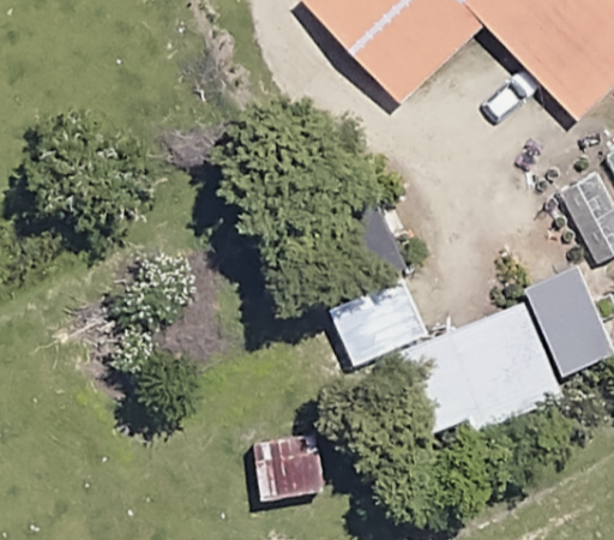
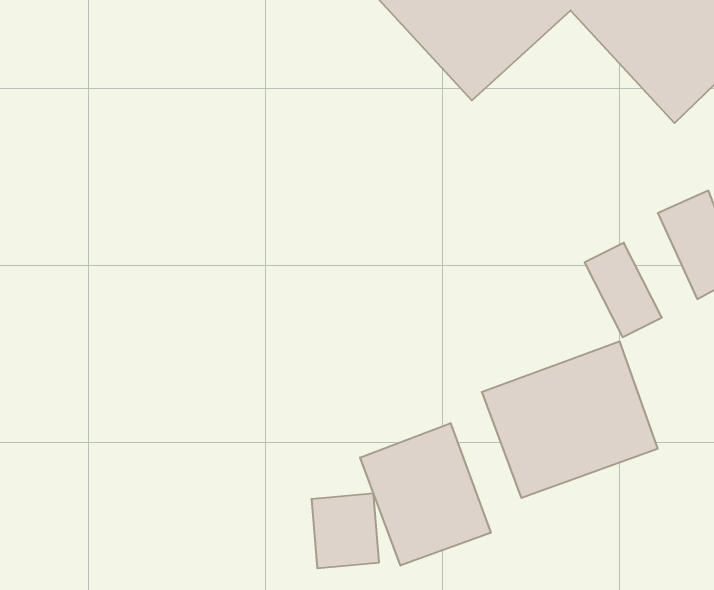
building: none -> [360,423,491,566]

